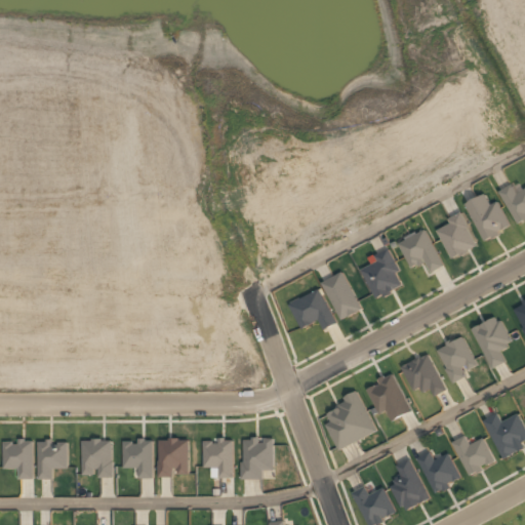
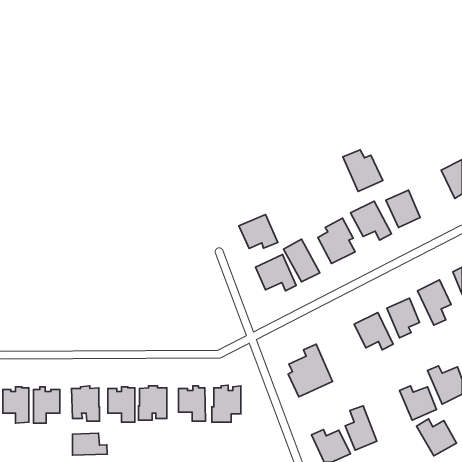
building: [465,195,510,242] -> [343,150,383,191]
building: none -> [239,214,278,248]
building: [364,374,410,421] -> none
building: [416,451,461,493] -> [417,419,456,456]
building: none -> [72,433,107,455]

